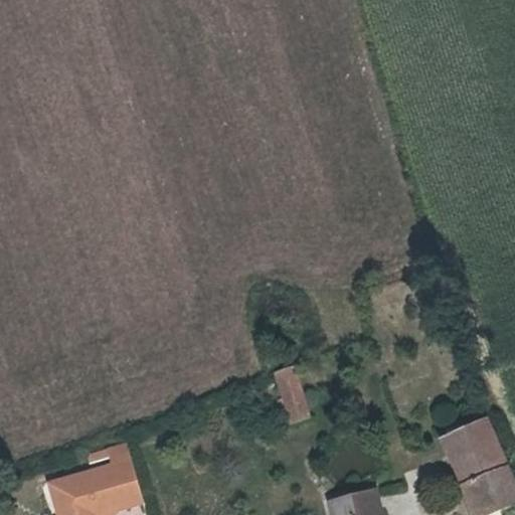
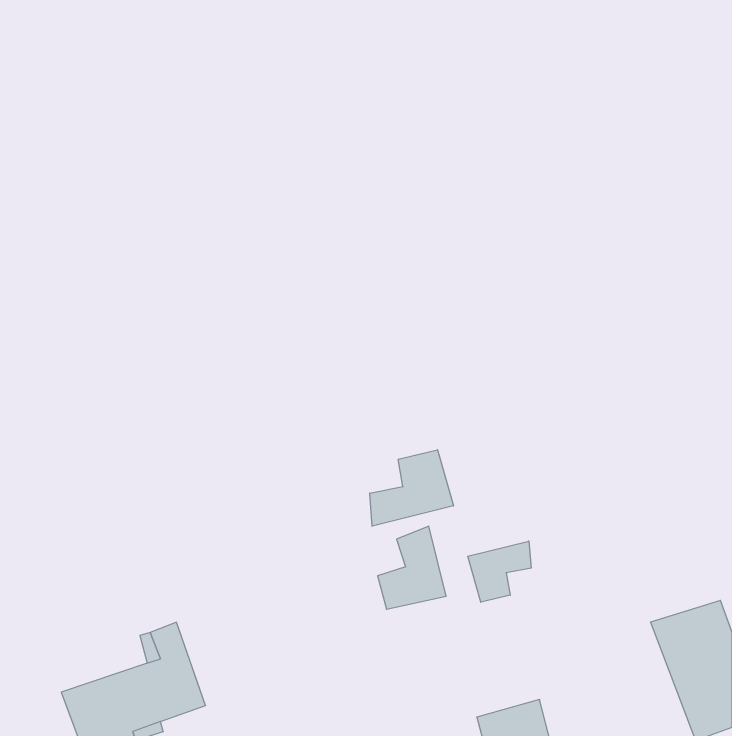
building: none -> [370,450,453,526]
building: none -> [468,541,531,602]

